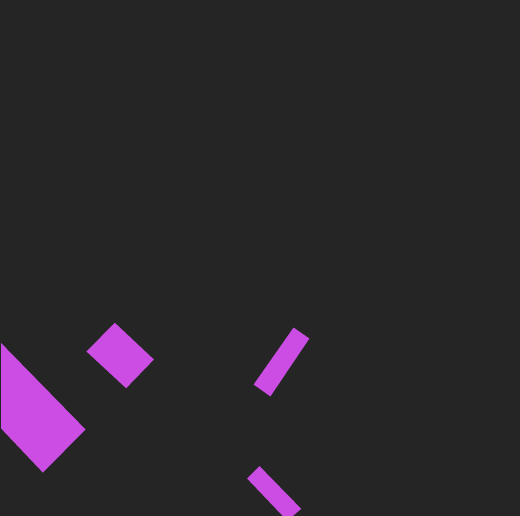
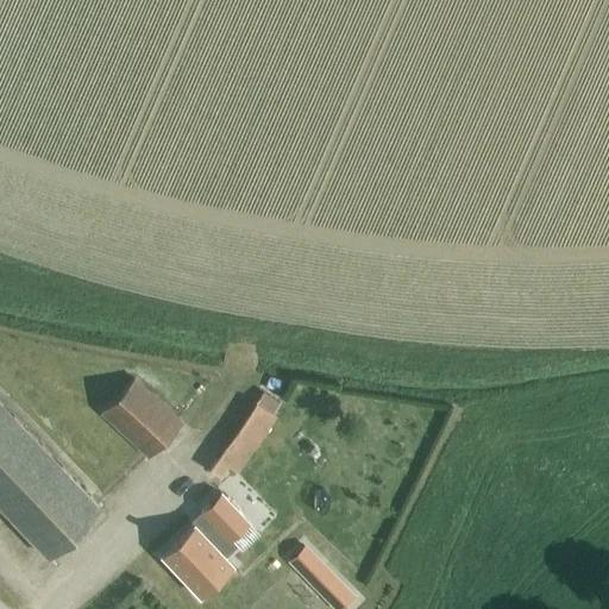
building: [252,326,310,398] -> [208,404,276,488]
building: none -> [162,498,247,595]

